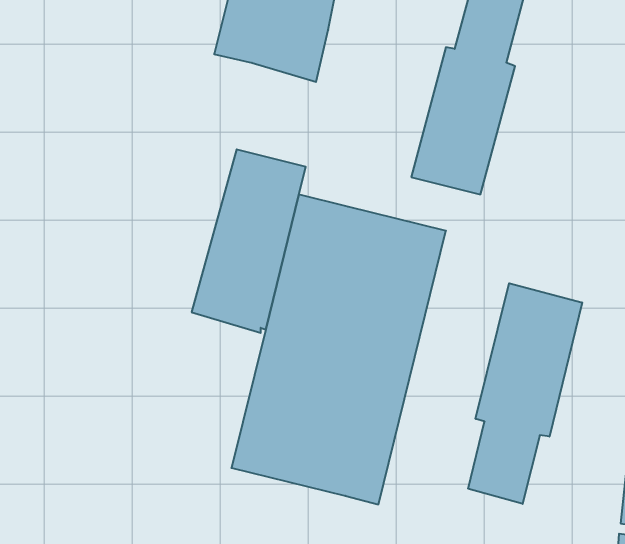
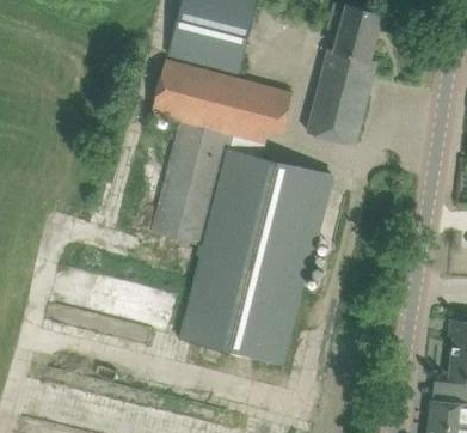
building: none -> [153,60,293,140]
building: [468,283,582,504] -> none

